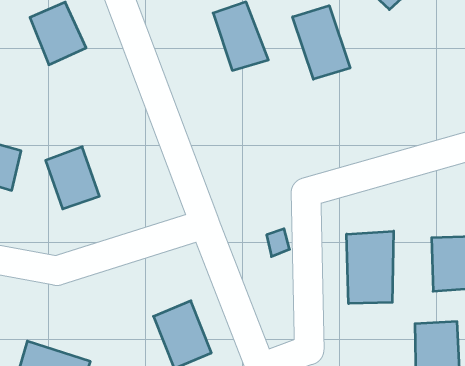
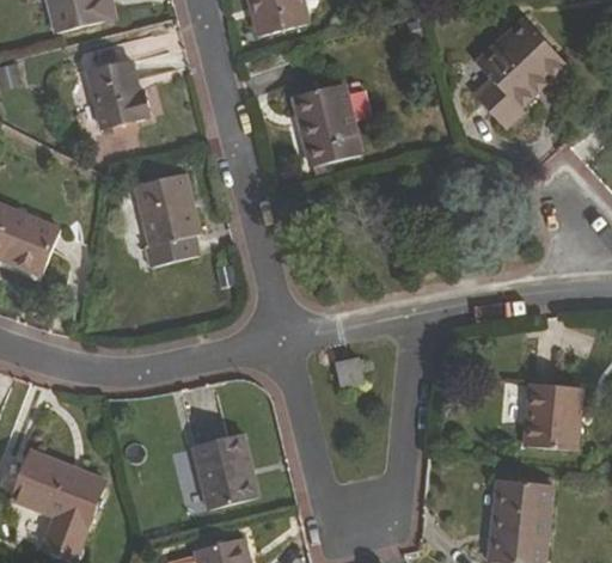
building: [293,6,350,79] -> none
building: [46,147,99,209] -> [139,180,197,251]
building: [347,231,394,304] -> none

